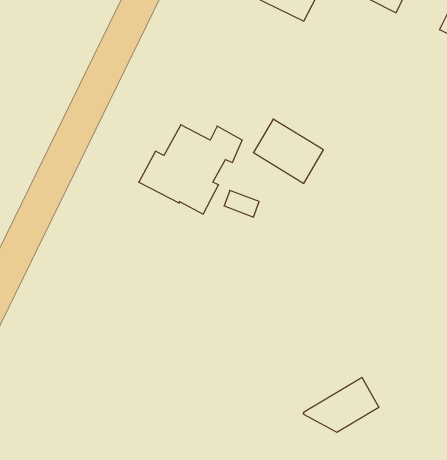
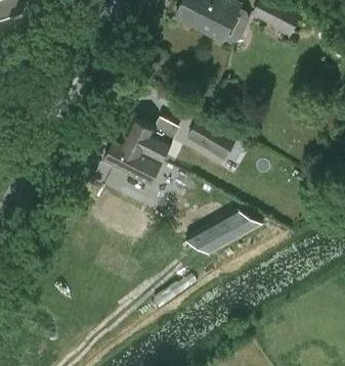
building: [303,378,379,432] -> [188,217,244,257]

